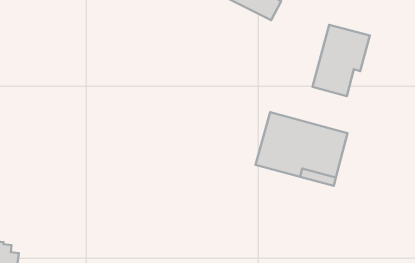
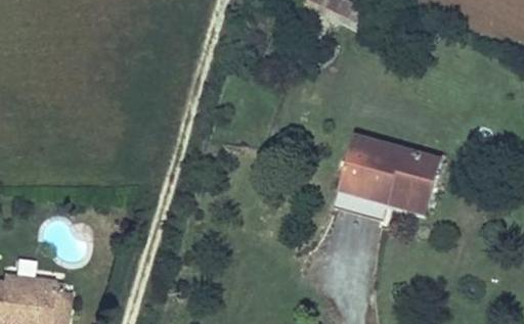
building: [312,25,370,96] -> none

